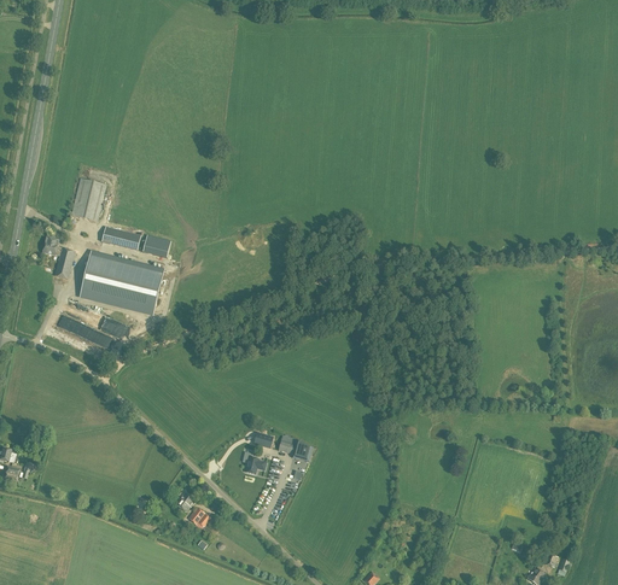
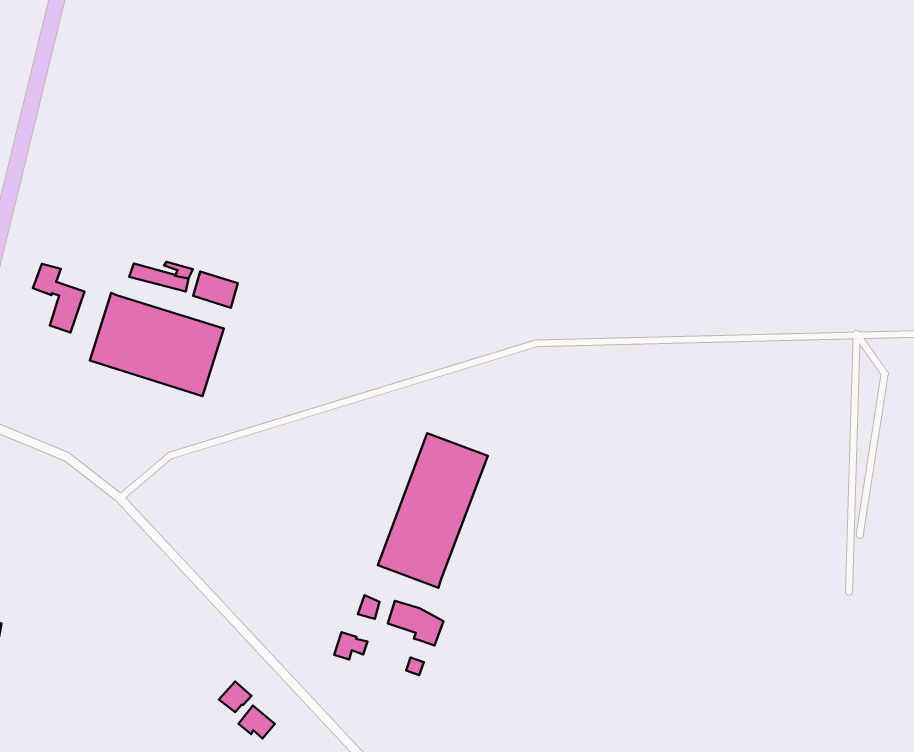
building: [70,179,104,222] -> none
building: none -> [378,433,488,588]

